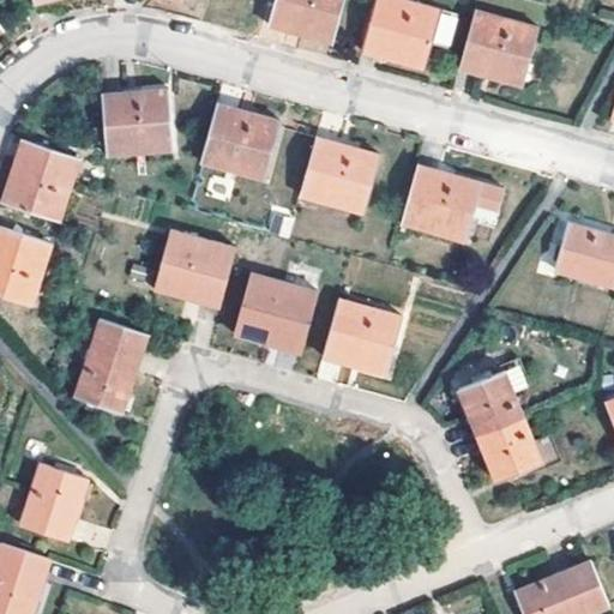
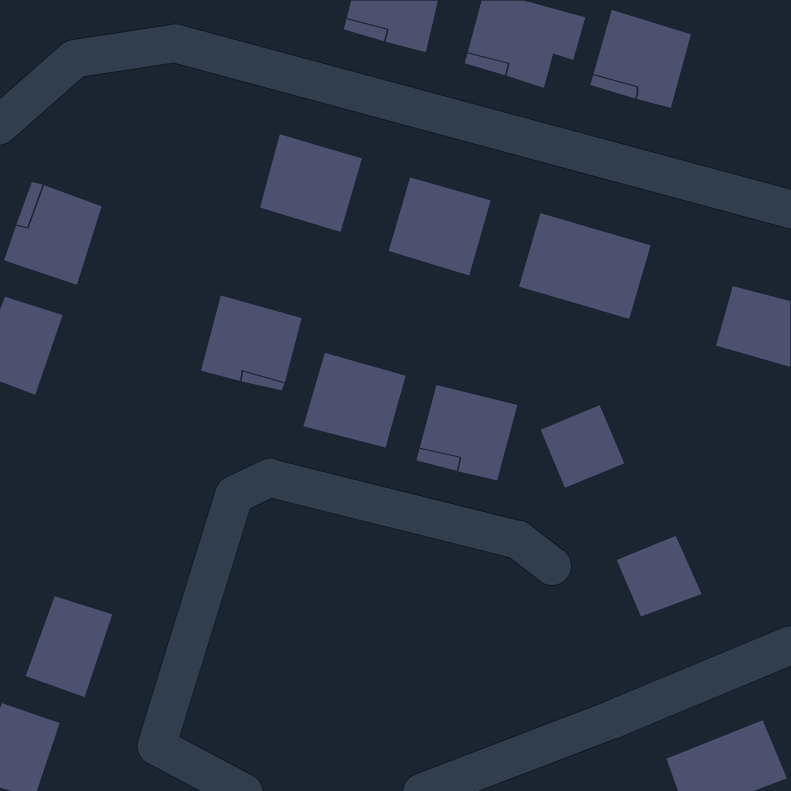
building: [102,90,173,156] -> none
building: [74,320,146,411] -> none
building: [457,369,523,434] -> [540,405,625,488]

